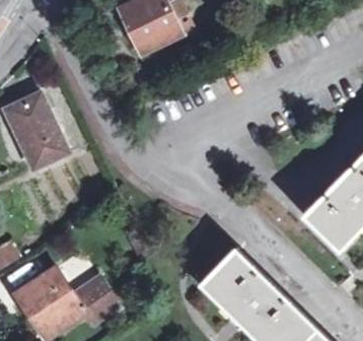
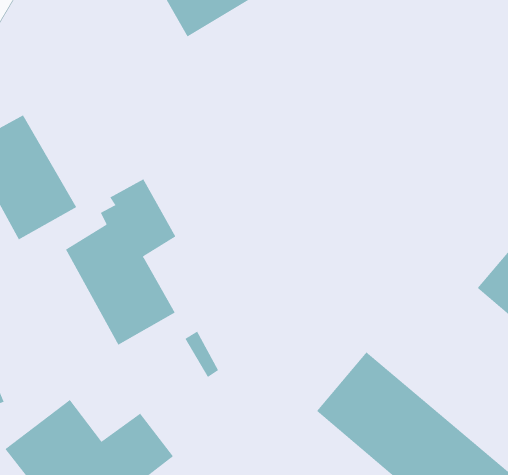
building: none -> [65,178,176,346]

